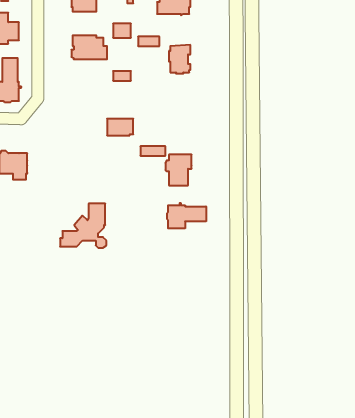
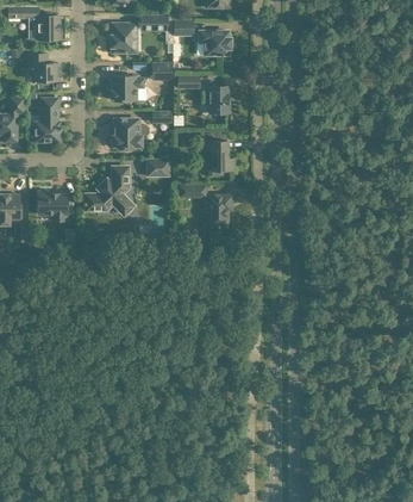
building: none -> [111,118,149,147]
building: none -> [206,140,232,174]
building: [167,203,206,228] -> none
building: [60,204,106,248] -> [83,166,130,210]

